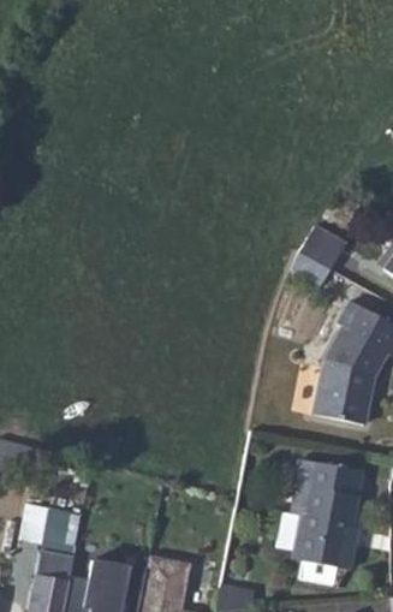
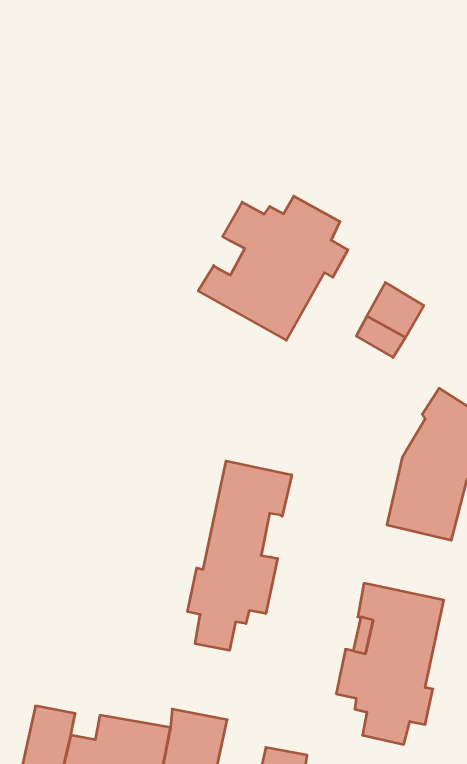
building: none -> [198,196,348,340]
building: none -> [188,461,292,650]
building: [19,501,72,546] -> none

